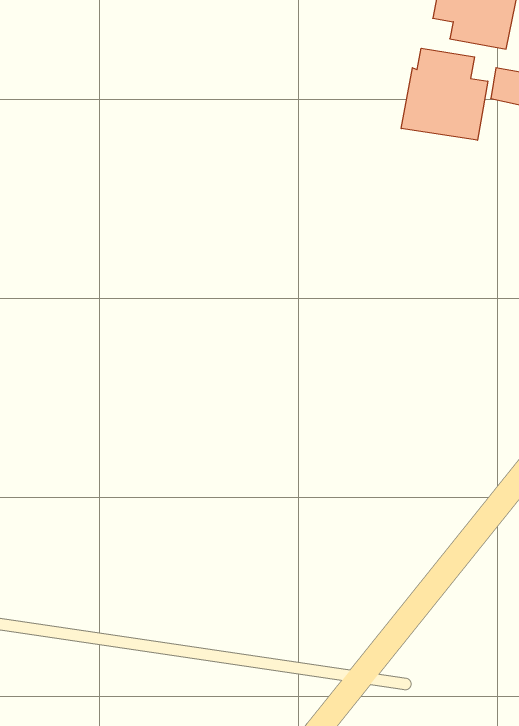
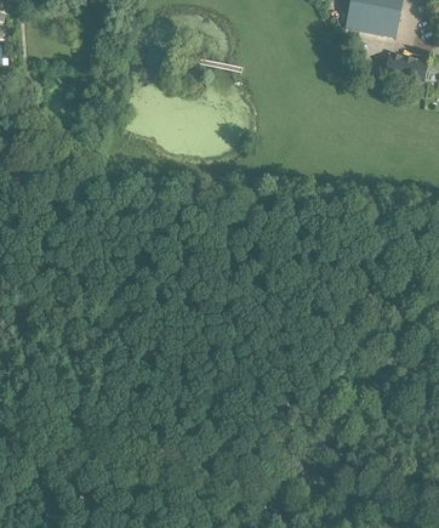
building: [401,48,488,140] -> none

